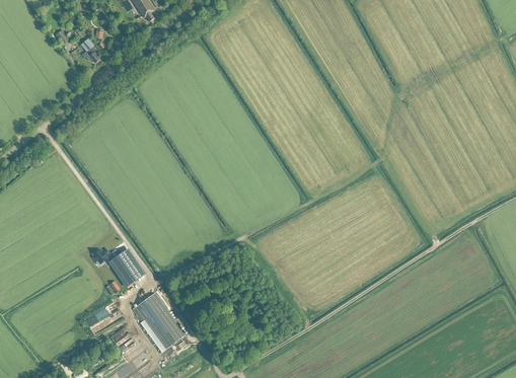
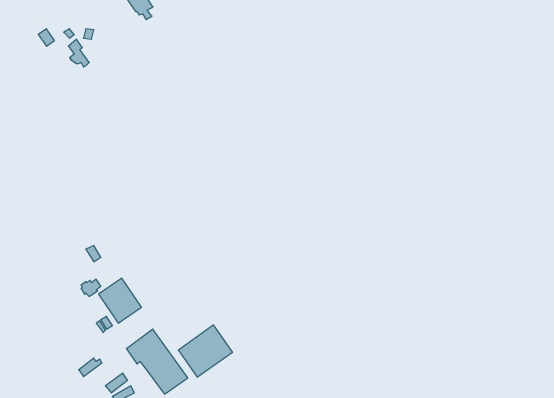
building: none -> [178,325,232,377]

